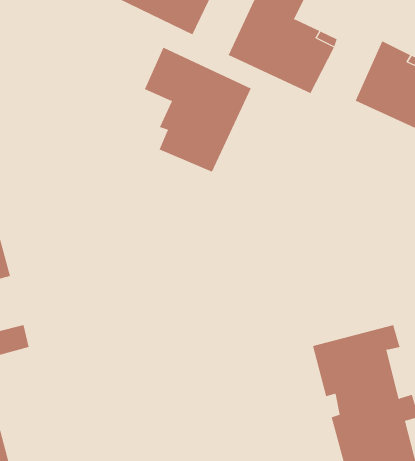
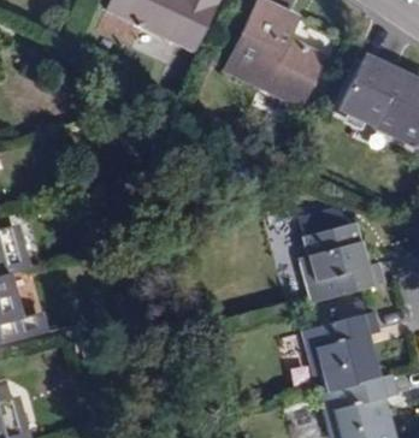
building: [144,47,252,173] -> none
building: none -> [300,223,386,303]

